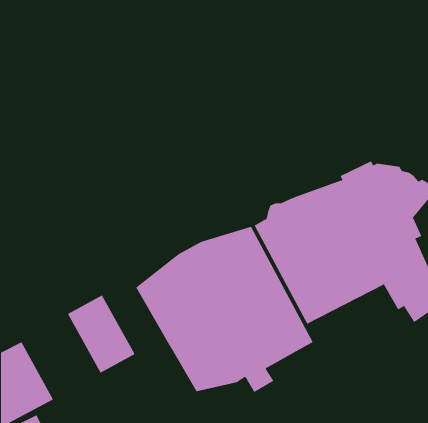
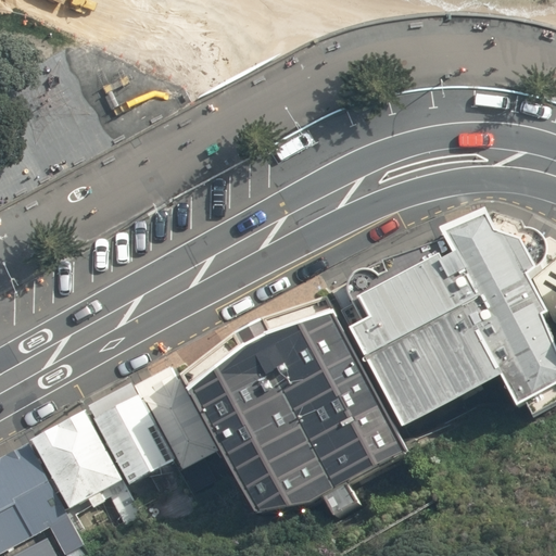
building: none -> [136,371,222,477]
building: none -> [35,417,127,517]

